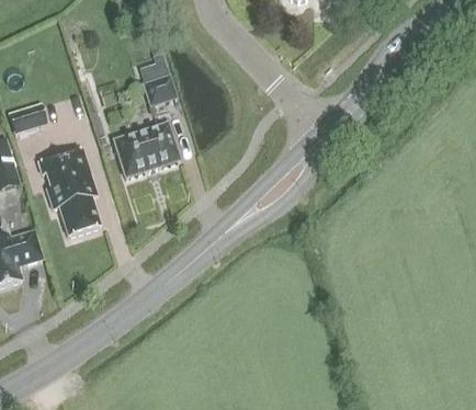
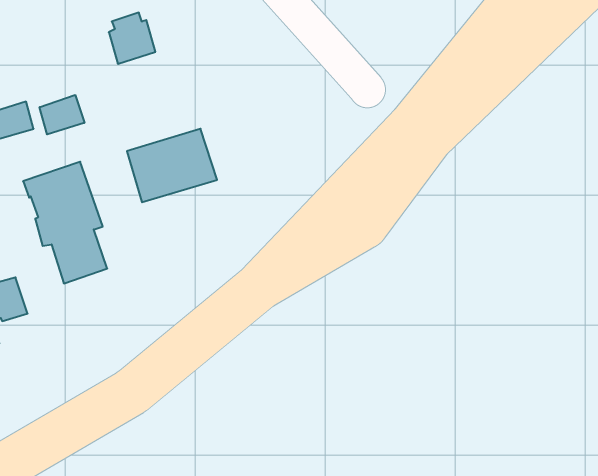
building: [143,68,177,105] -> [109,13,155,64]
building: none -> [40,95,84,134]

